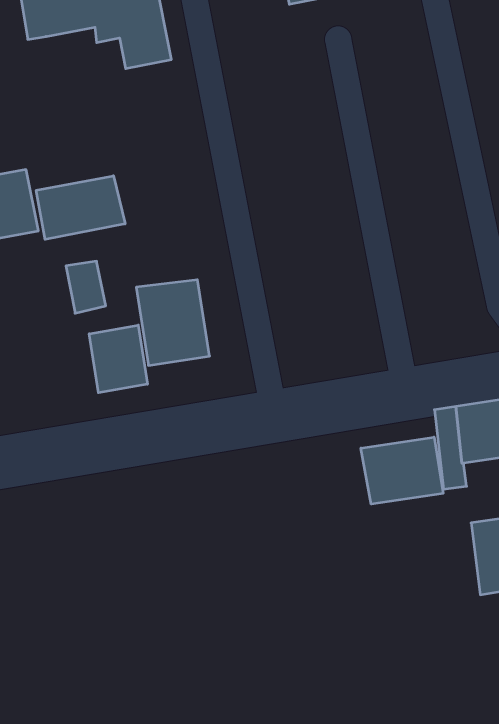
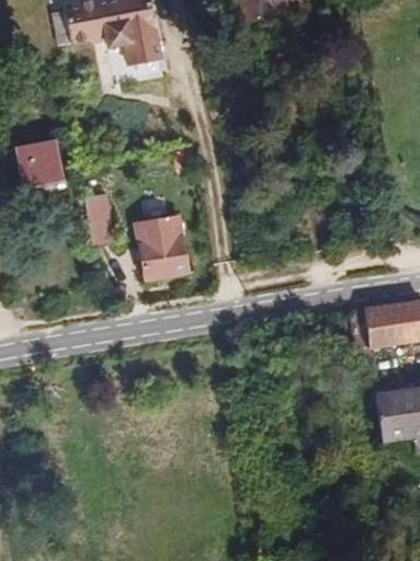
building: [36,176,125,239] -> none
building: [89,325,147,393] -> none
building: [361,437,443,504] -> none

